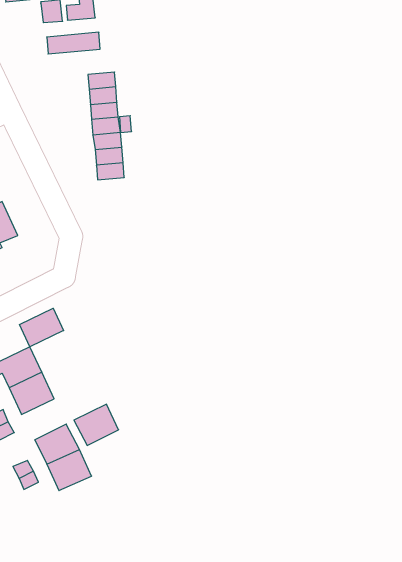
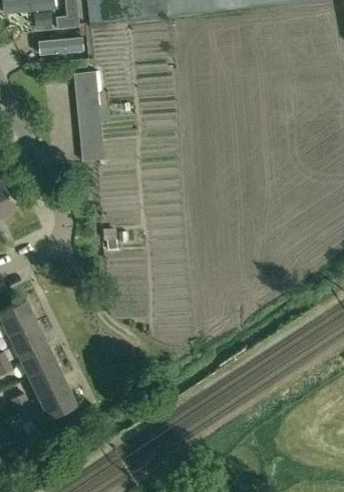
building: [20,308,64,347] -> none
building: [74,404,119,445] -> [18,343,55,377]

